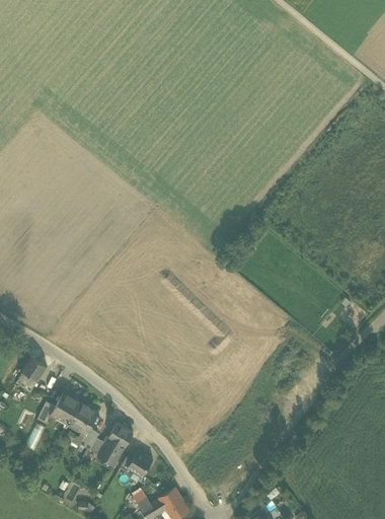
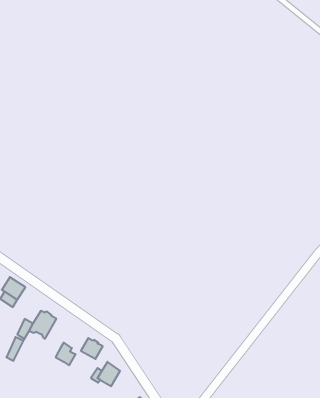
building: [69,402,98,434] -> none
building: [95,438,125,465] -> none

